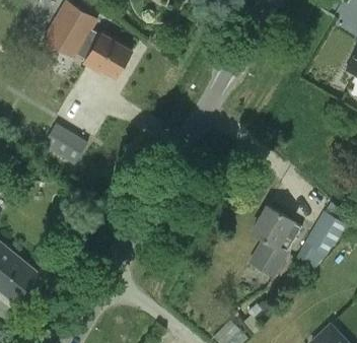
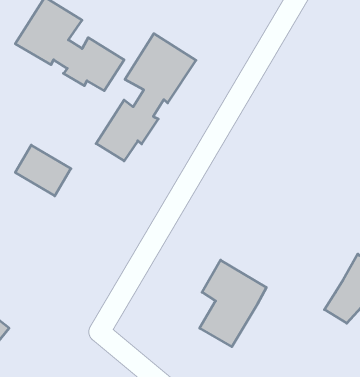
building: none -> [96,34,196,161]
building: [248,205,303,276] -> [200,260,266,347]

